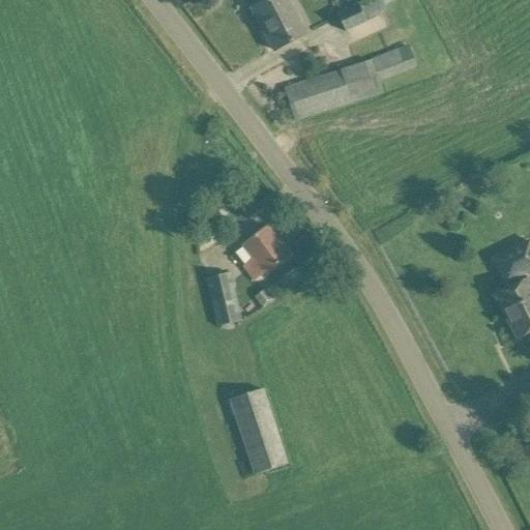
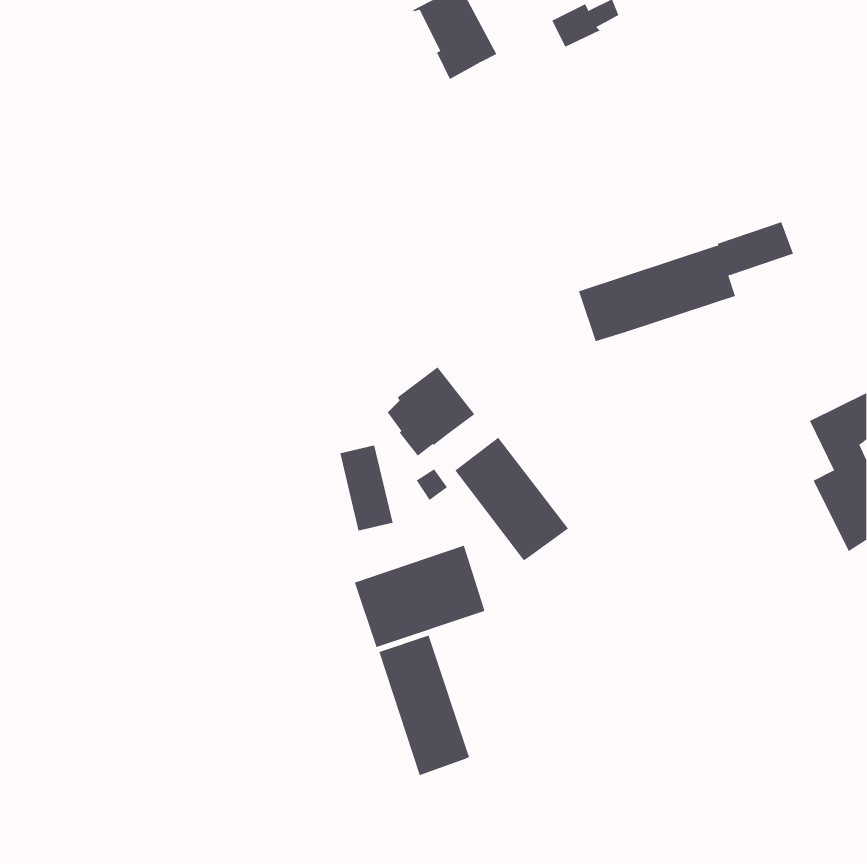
building: [285,45,416,118] -> [578,221,794,342]
building: none -> [454,437,569,561]
building: none -> [354,545,485,648]

